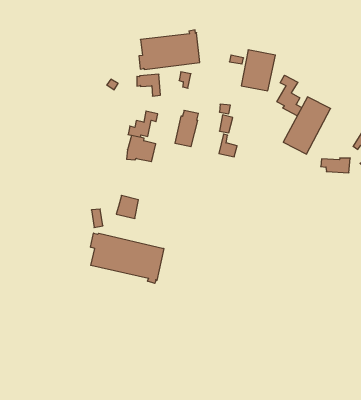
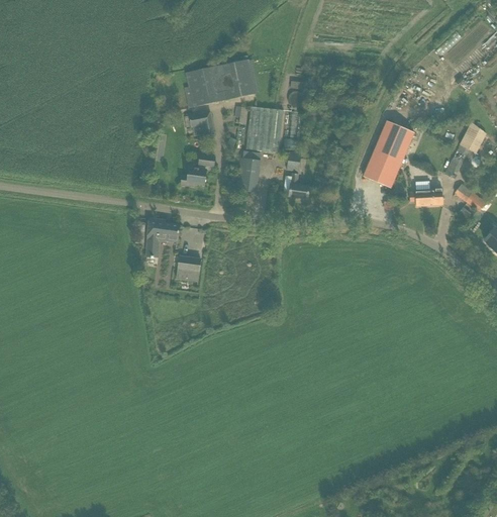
building: [241,50,275,91] -> [246,107,283,152]
building: [277,75,302,116] -> none
building: [127,135,156,162] -> [146,219,179,247]
building: [91,233,164,283] -> none

